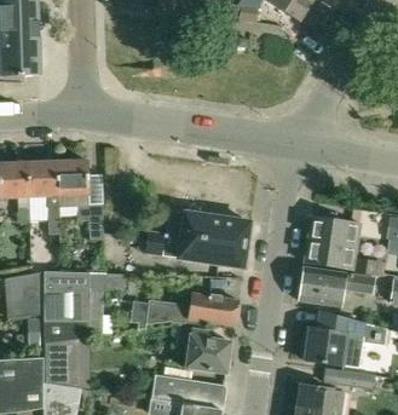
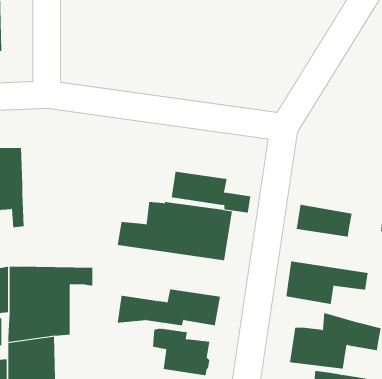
building: [57,161,103,240] -> none
building: [305,237,379,276] -> [171,171,251,213]

